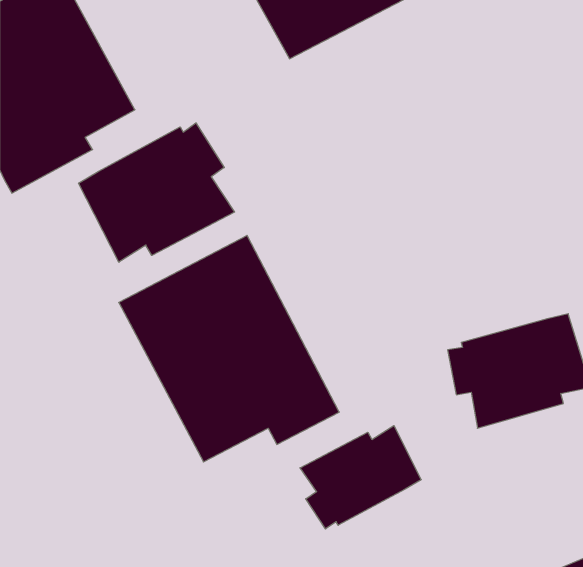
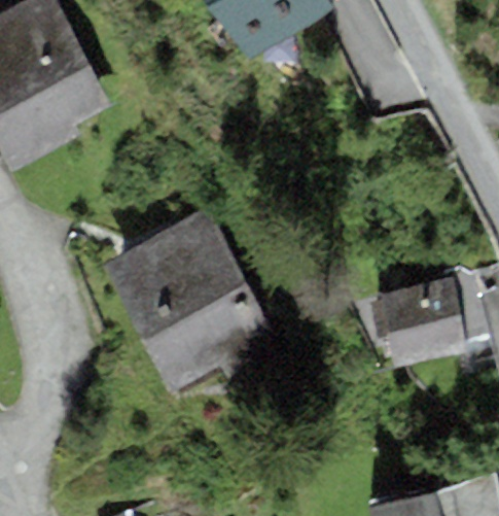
building: [79,123,235,262] -> none
building: [300,426,421,529] -> none

